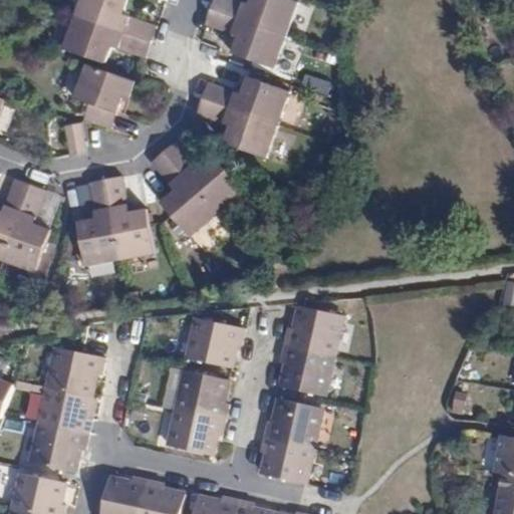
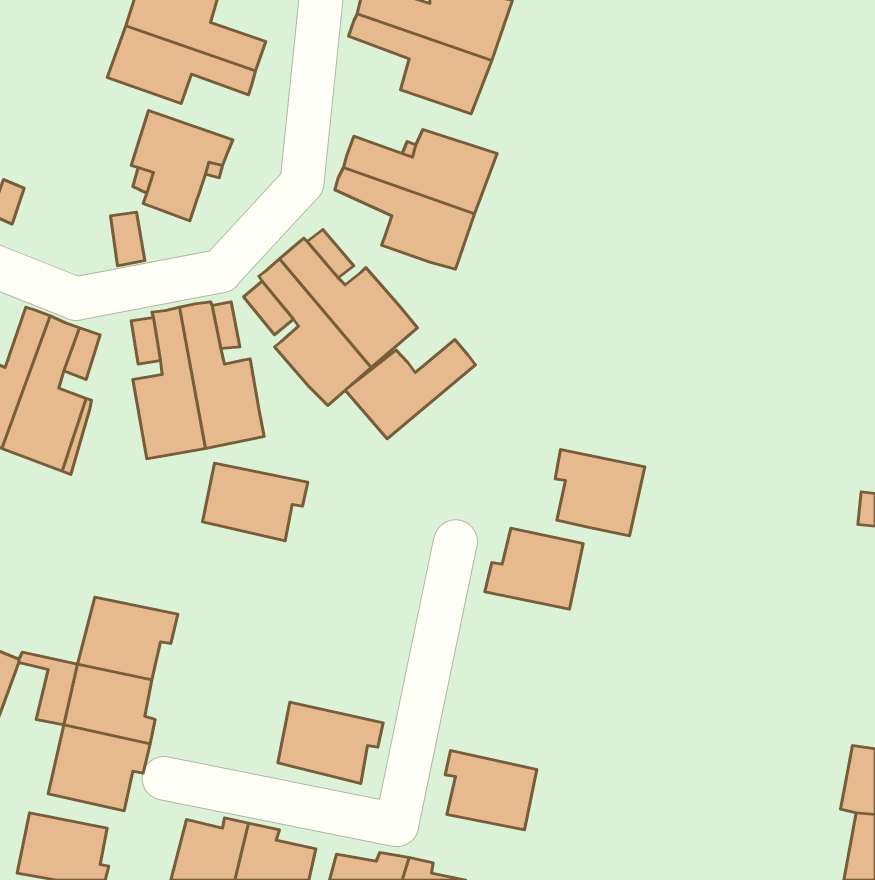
building: none -> [345,339,475,439]
building: [182,319,243,364] -> [202,463,308,541]
building: [279,344,331,395] -> [555,450,645,536]
building: [169,369,227,421] -> none
building: [262,398,320,448] -> none

